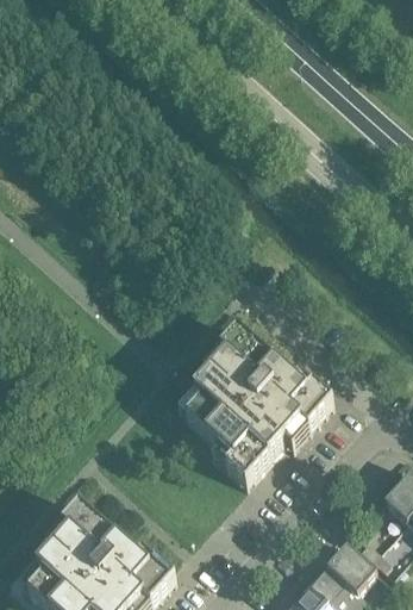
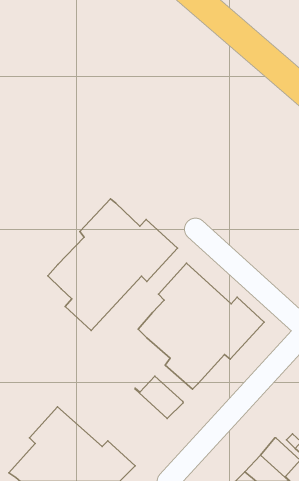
building: none -> [48,199,177,331]
building: none -> [135,376,183,419]

